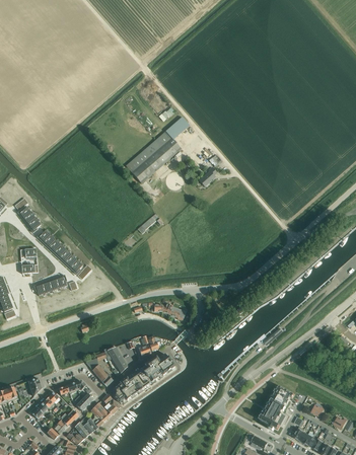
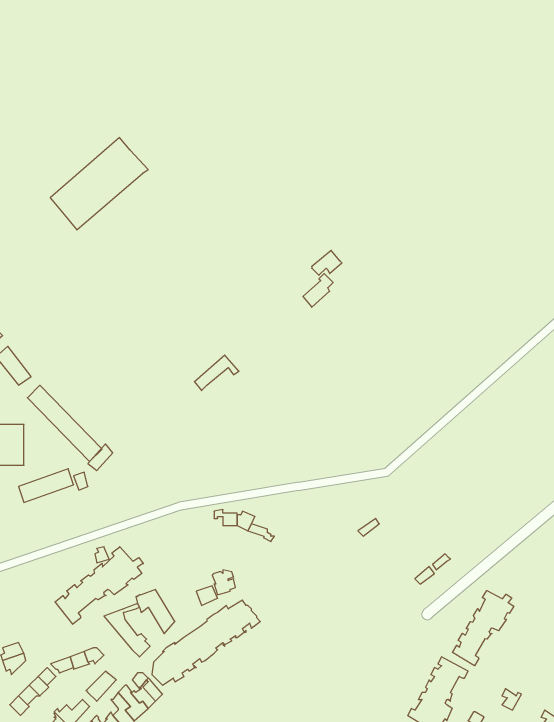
building: [125,130,181,182] -> [50,138,148,230]
building: none -> [55,547,143,624]
building: none -> [452,591,514,666]

